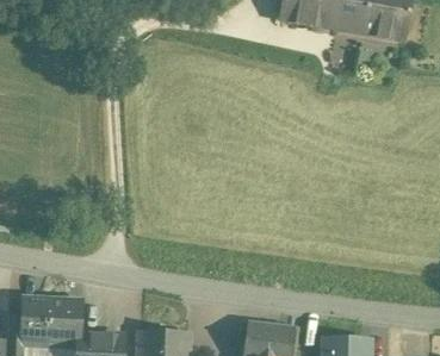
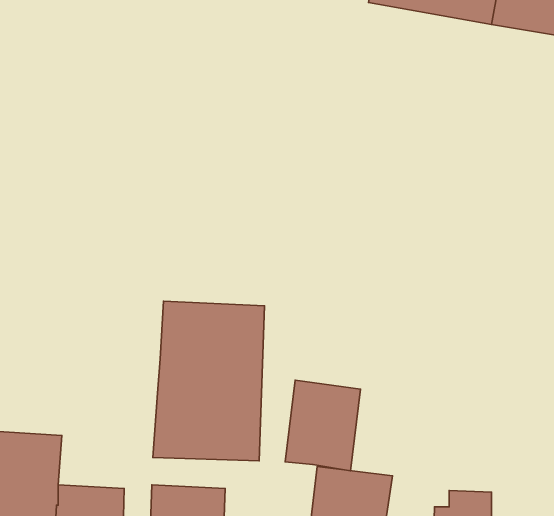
building: none -> [153,301,264,461]
building: none -> [285,380,360,471]

